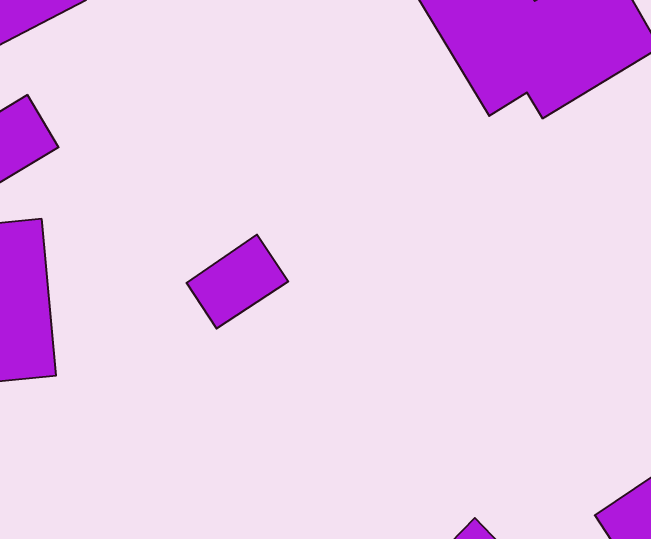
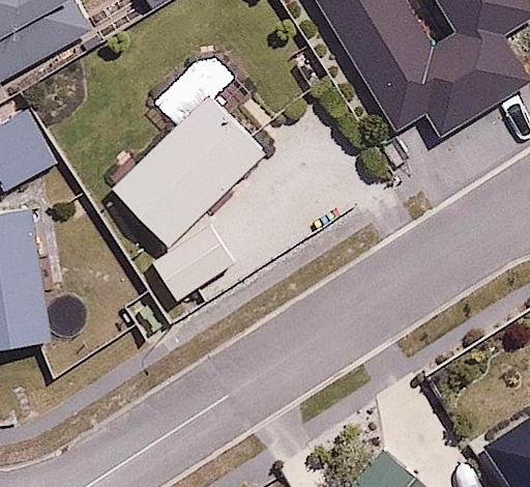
building: none -> [113,94,266,245]

